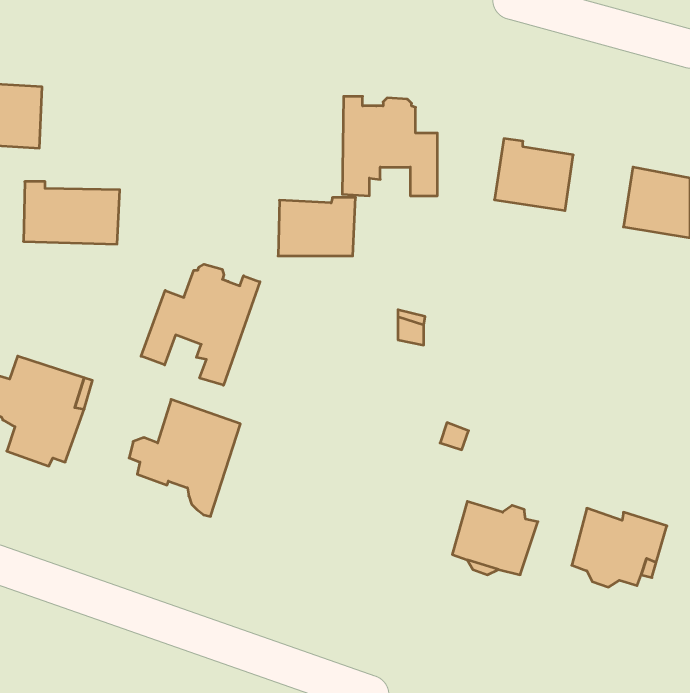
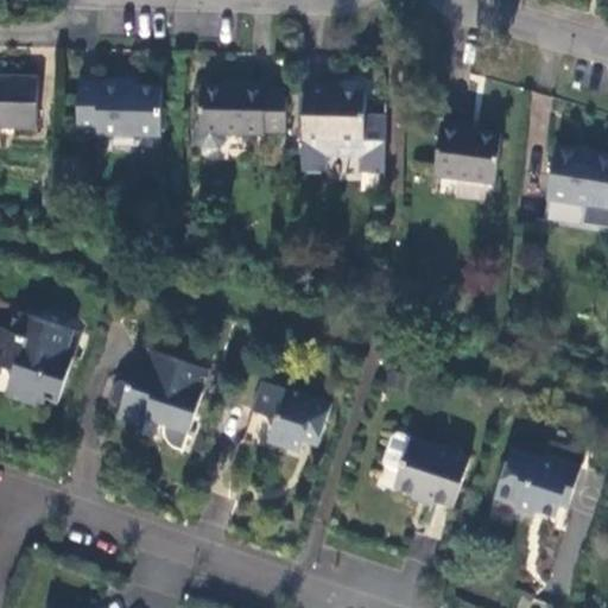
building: [23,182,120,244] -> [76,80,160,134]
building: [278,198,356,256] -> [197,83,265,134]
building: [141,264,260,385] -> none
building: none -> [245,384,331,456]

